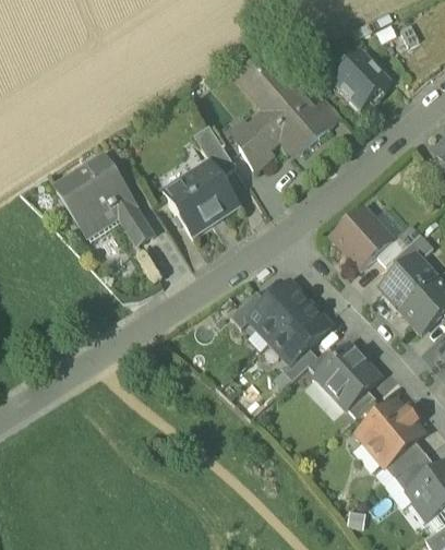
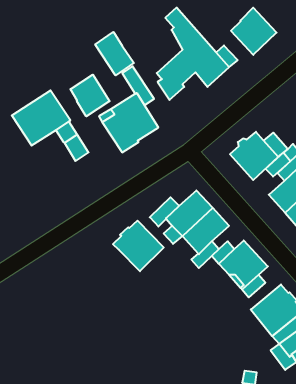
building: none -> [95,32,134,75]
building: none -> [70,75,110,116]
building: [81,205,121,240] -> none
building: none -> [113,221,164,271]

